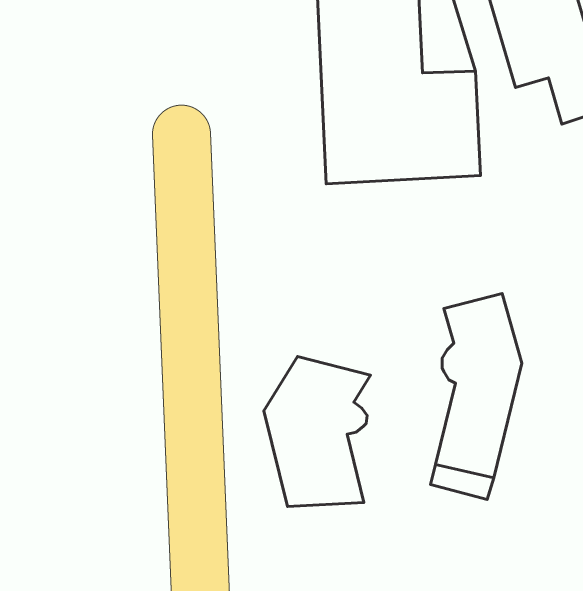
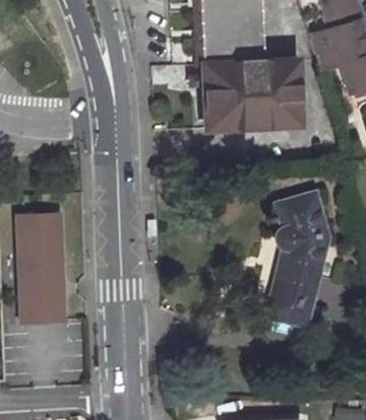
building: none -> [23,211,72,319]
building: [264,356,371,507] -> none

